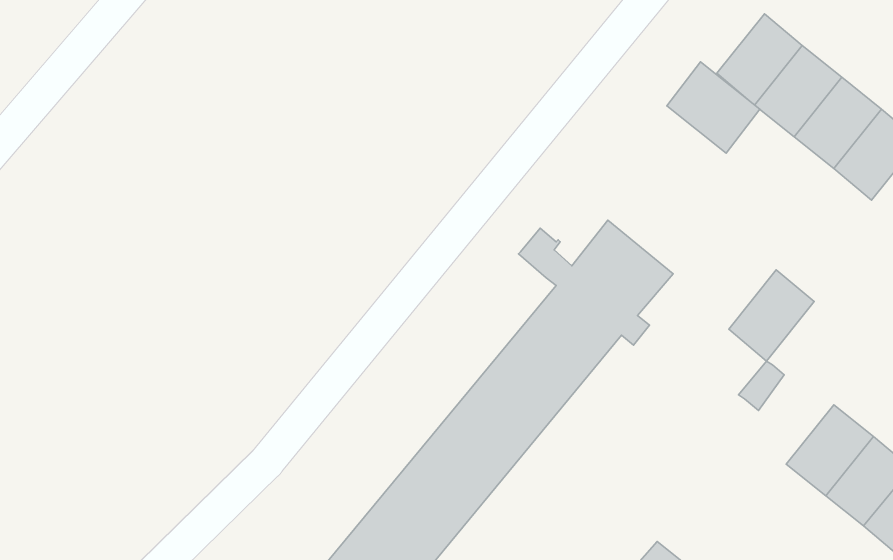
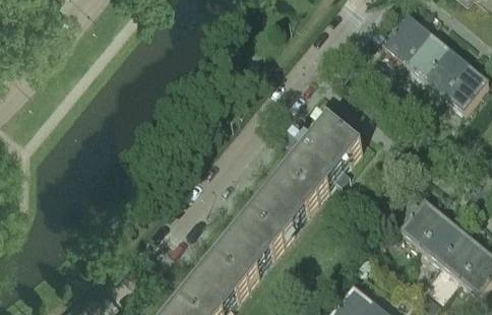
building: [667,62,760,153] -> none
building: [729,270,814,361] -> [401,199,444,246]

